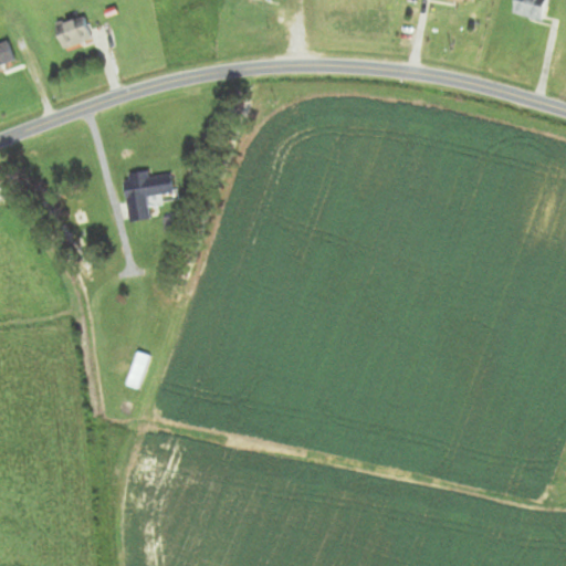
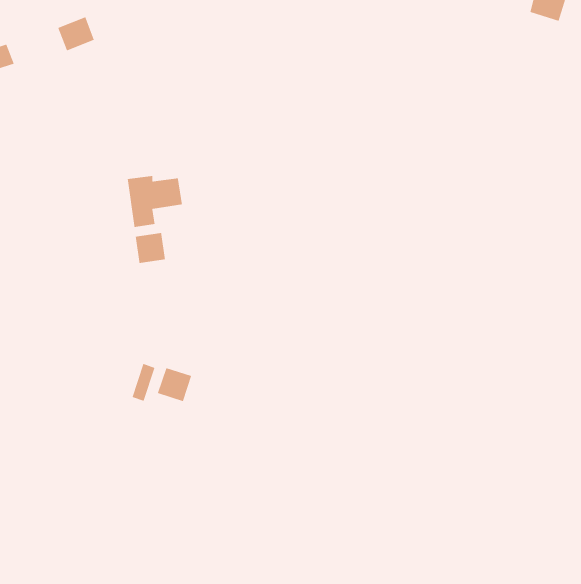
building: none -> [135,232,166,264]
building: none -> [157,367,192,402]

